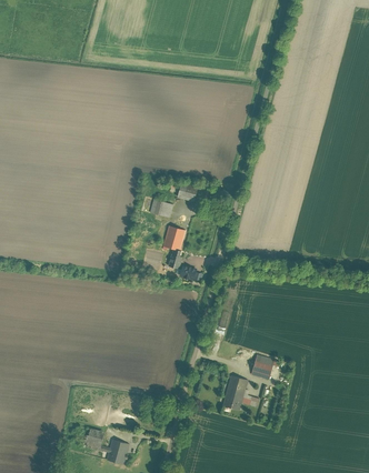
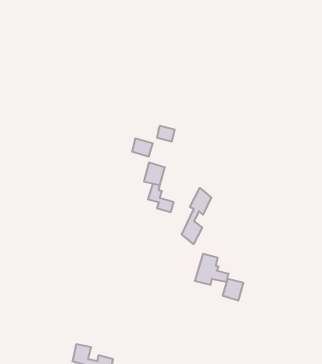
building: none -> [182,188,211,244]
building: [221,375,259,410] -> [195,254,229,285]

